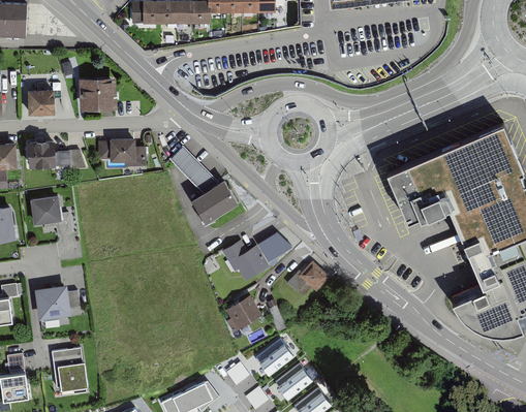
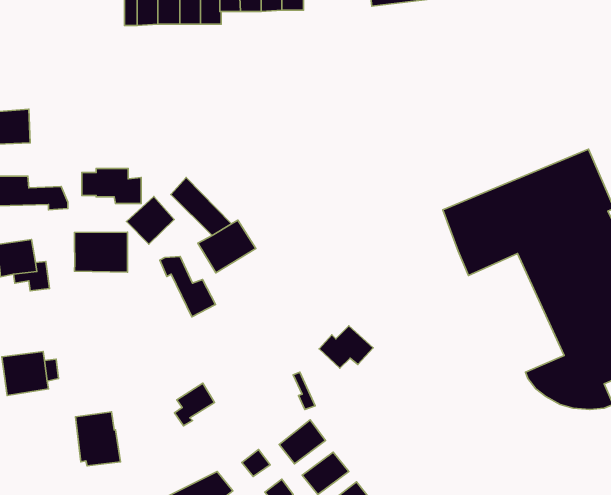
building: [81,81,117,112] -> none
building: none -> [127,197,174,244]
building: none -> [74,232,127,272]
building: none -> [160,256,215,317]
building: [257,233,291,262] -> none
building: [223,245,265,277] -> none
building: [226,298,258,332] -> [174,383,214,426]
building: [52,348,88,391] -> [76,412,121,466]

